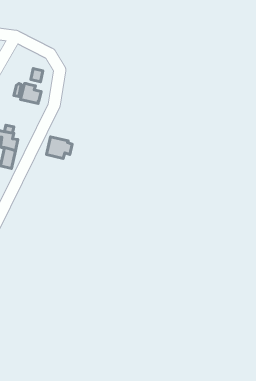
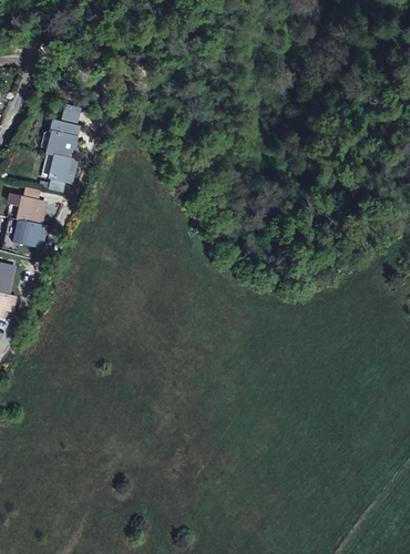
building: [46,137,72,158] -> [42,152,78,182]

